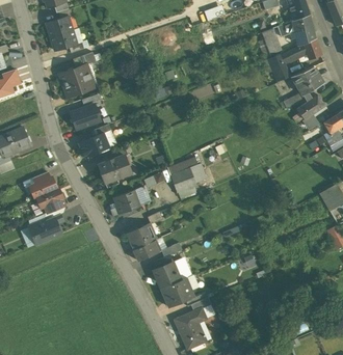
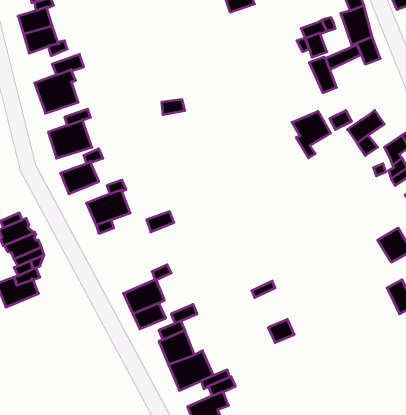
building: [294,66,323,102] -> [292,111,330,158]
building: [170,167,196,192] -> none
building: [113,190,139,215] -> none

